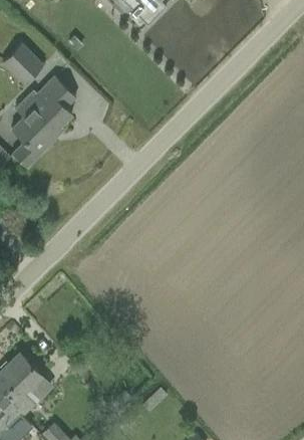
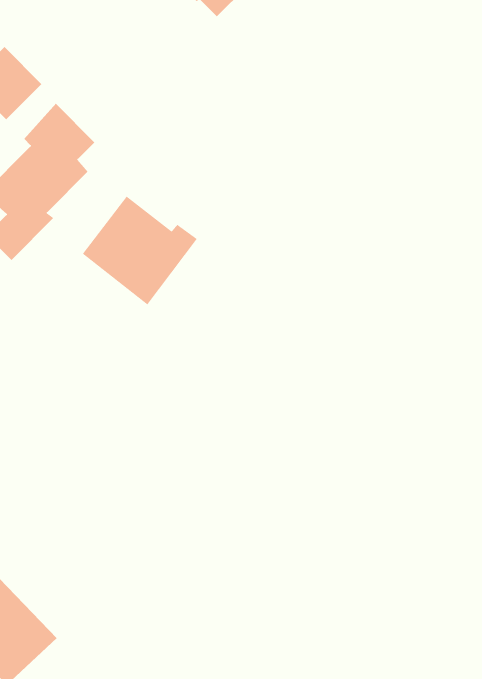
building: none -> [82,196,198,306]

